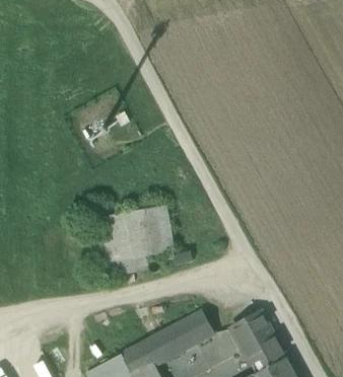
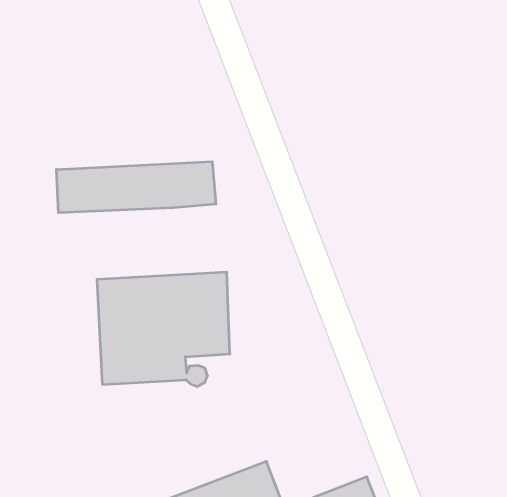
building: none -> [56,162,216,213]

